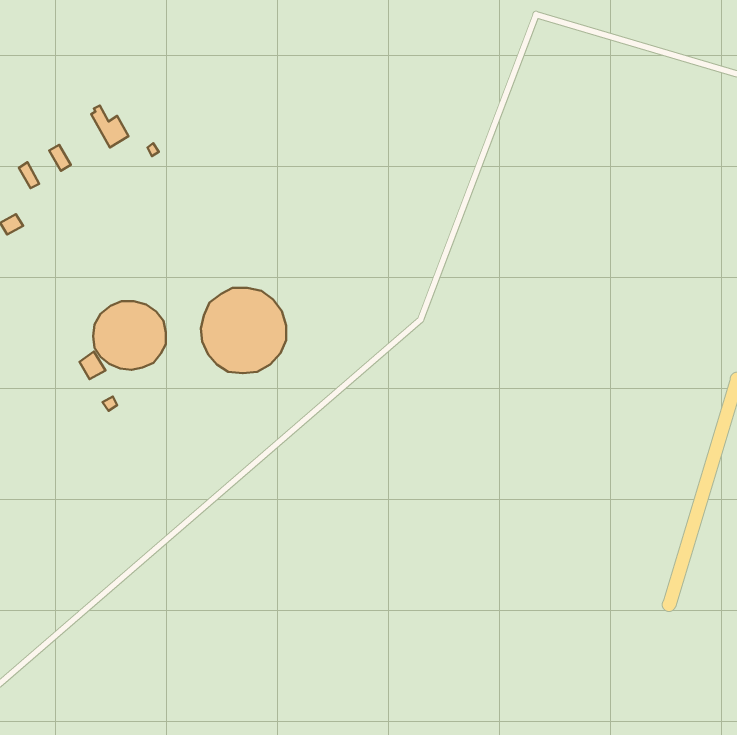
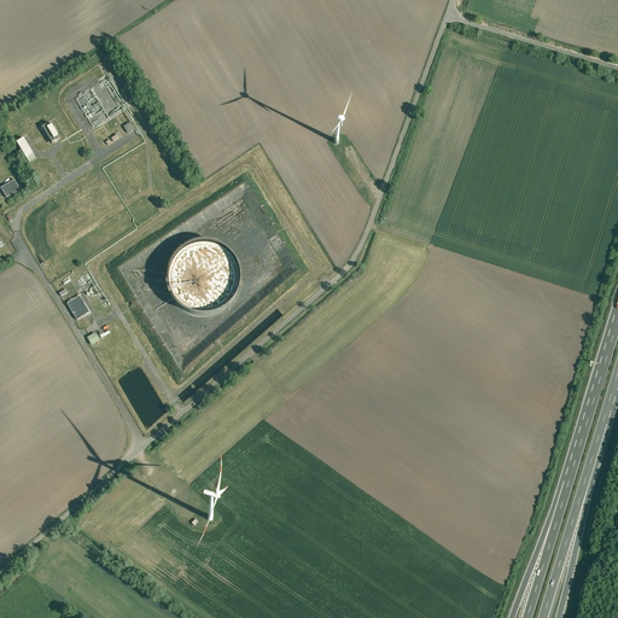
building: [93,301,166,370] -> none

